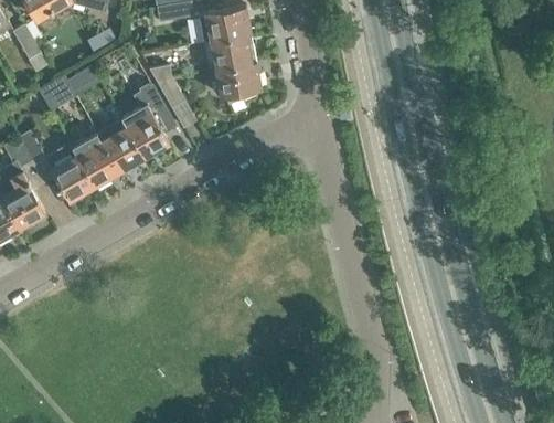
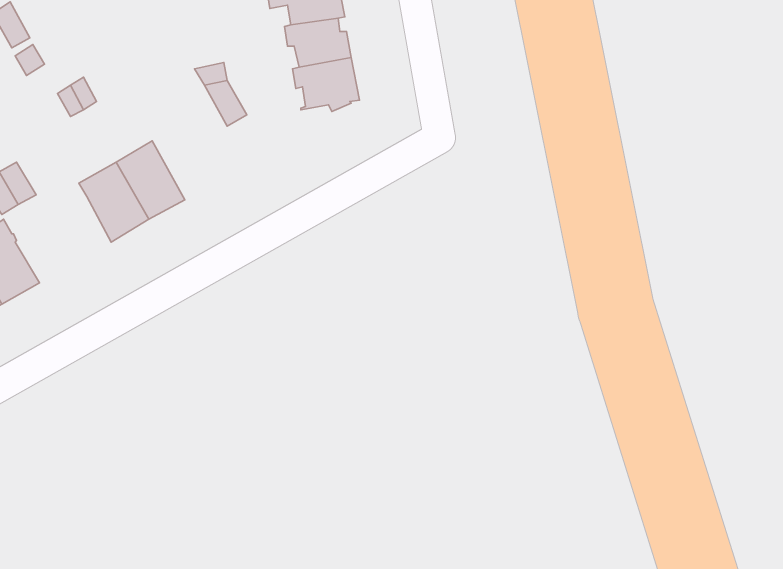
building: [120,83,174,157] -> none
building: [50,155,93,200] -> none

